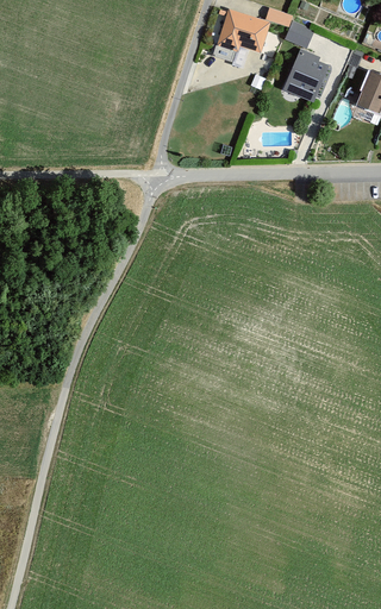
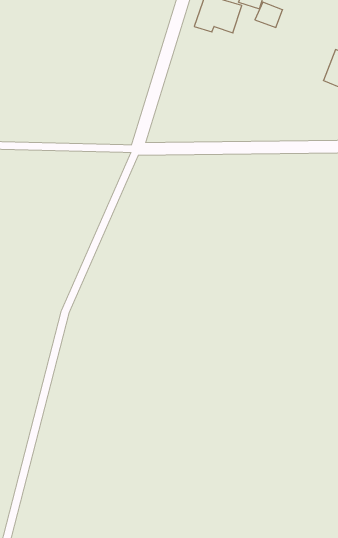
building: [283,49,327,101] -> none

